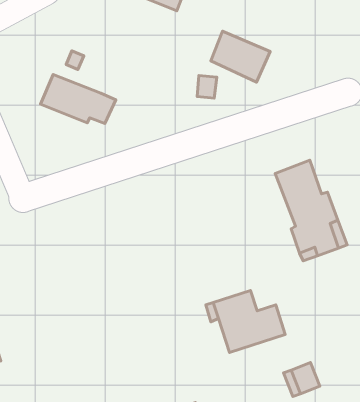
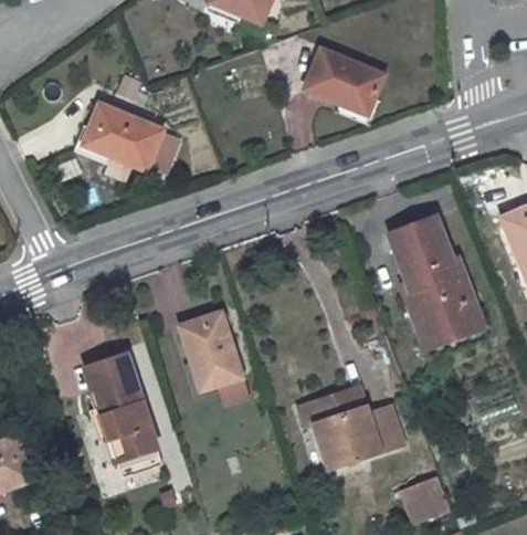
building: none -> [180,313,241,389]
building: none -> [87,353,165,478]

